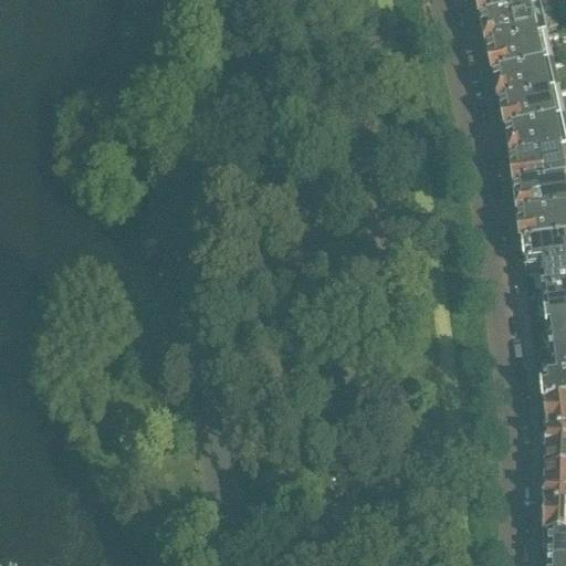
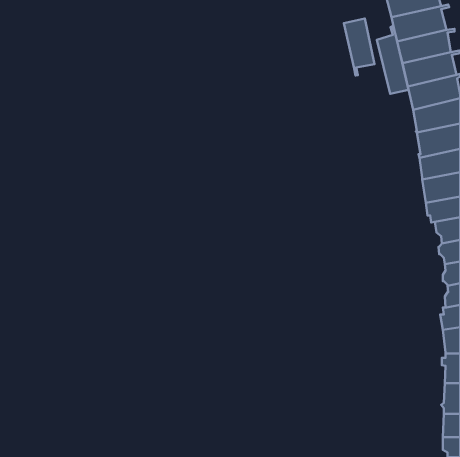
building: none -> [344,19,374,75]
building: none -> [377,26,408,94]

